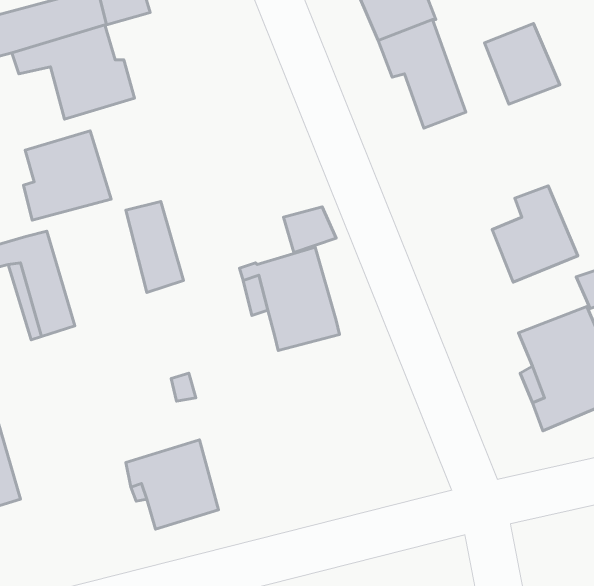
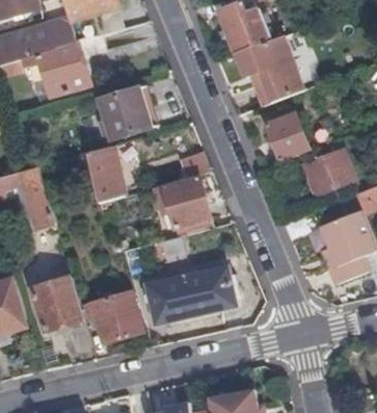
building: [484,24,560,104] -> [265,112,309,160]
building: [23,131,111,220] -> [101,88,153,141]
building: none -> [146,265,237,322]
building: none -> [30,276,84,330]

